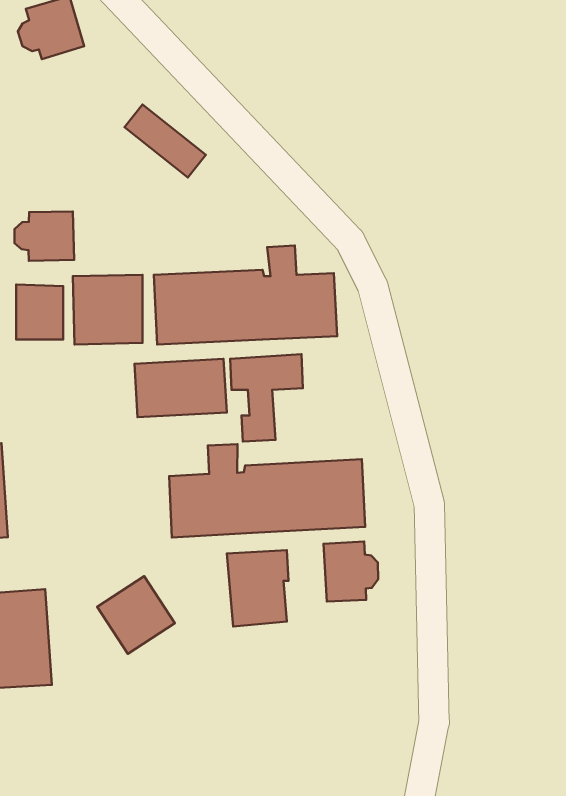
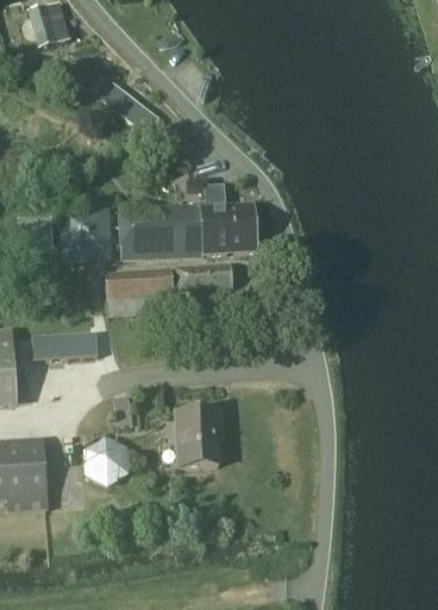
building: [14,212,74,261] -> none
building: none -> [33,329,100,355]
building: [169,444,365,537] -> none
building: [323,542,378,601] -> none

